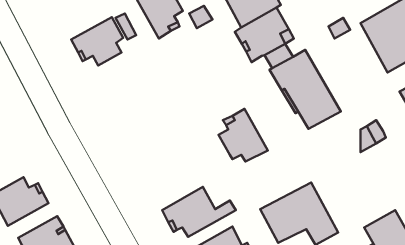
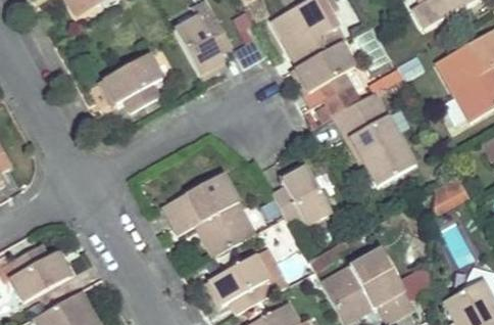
building: none -> [163,174,255,258]

